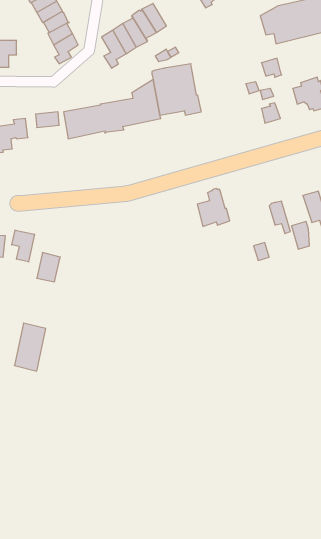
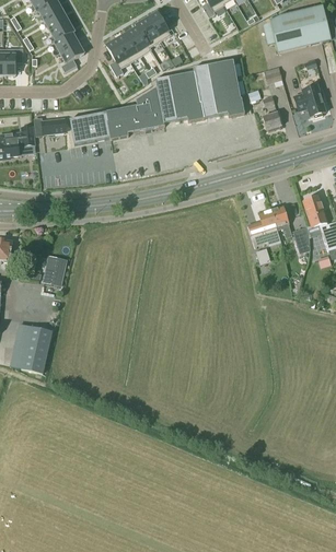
building: none -> [193,59,244,117]
building: [197,188,230,226] -> [248,209,280,246]
building: [12,230,35,262] -> none

